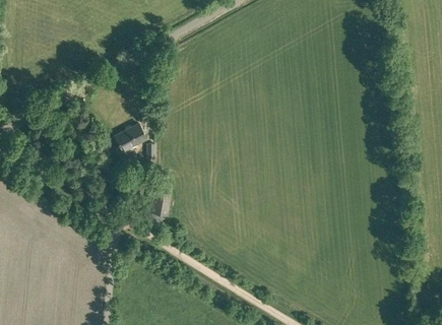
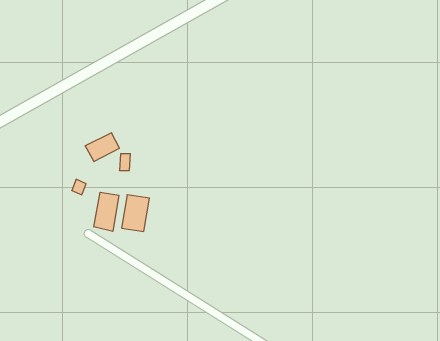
building: none -> [94,192,119,231]

